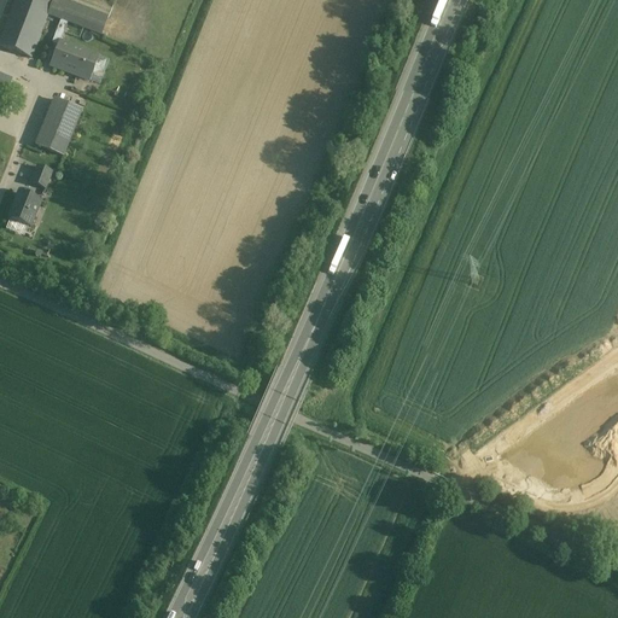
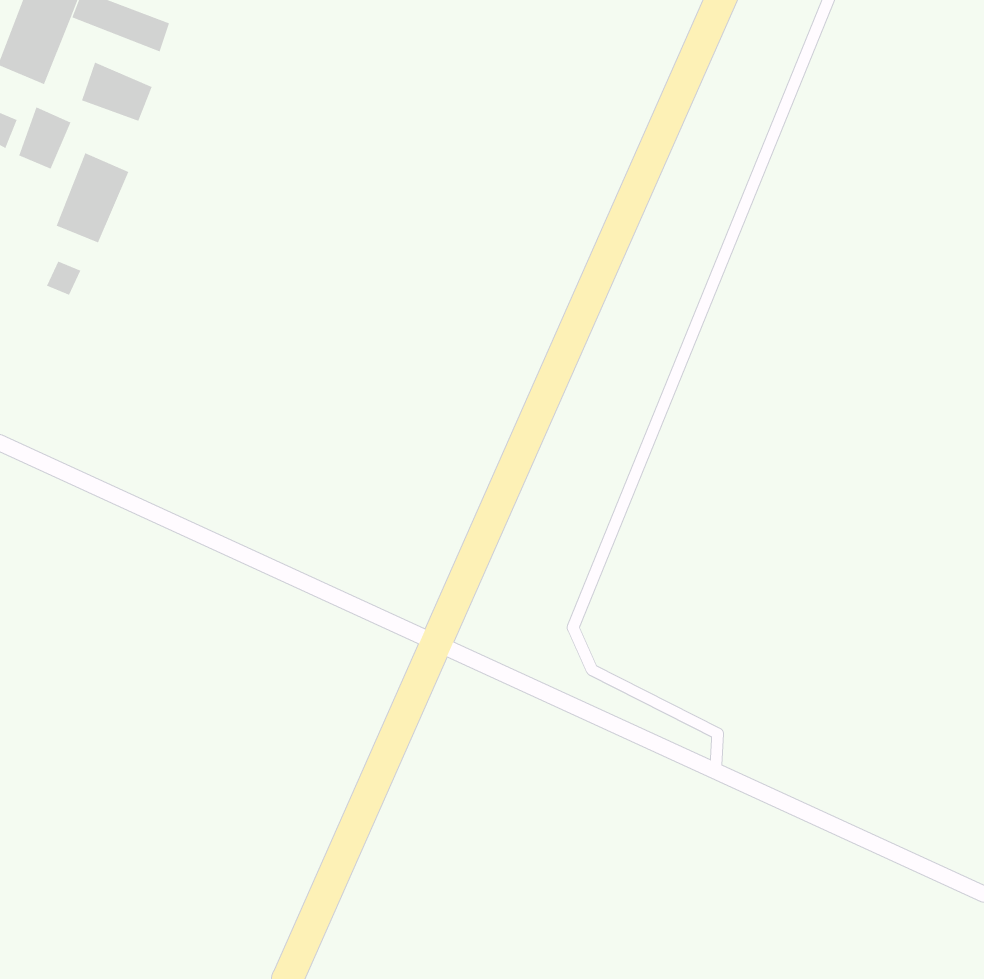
building: none -> [18,106,71,169]
building: [7,190,39,222] -> none

